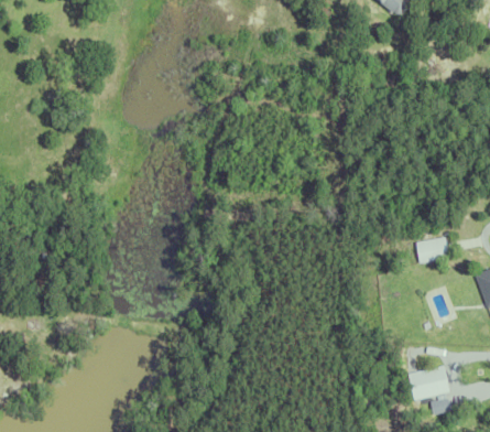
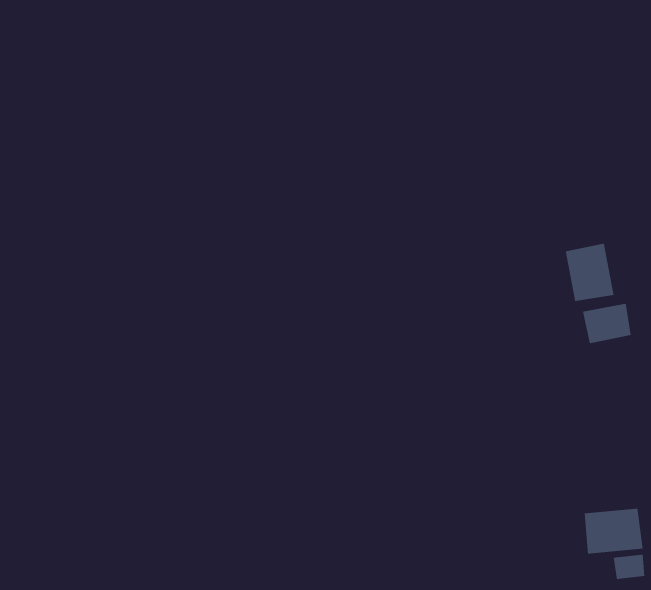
building: none -> [565,243,614,302]

